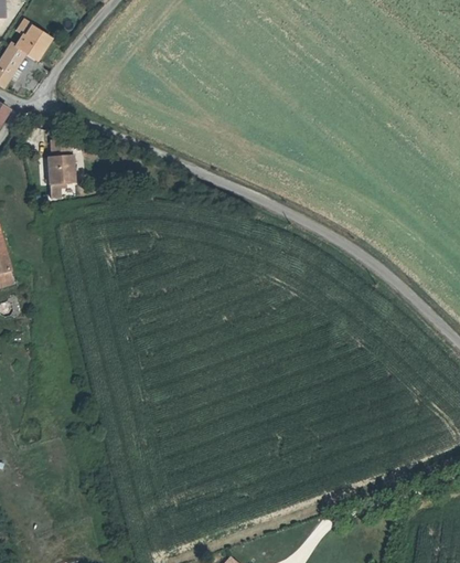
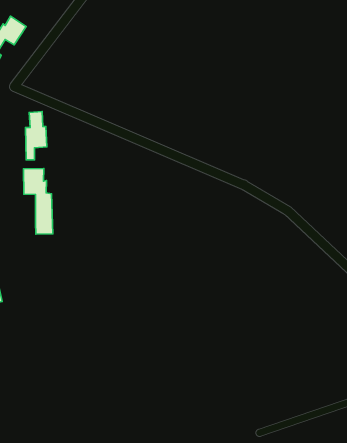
building: none -> [23,169,53,234]

